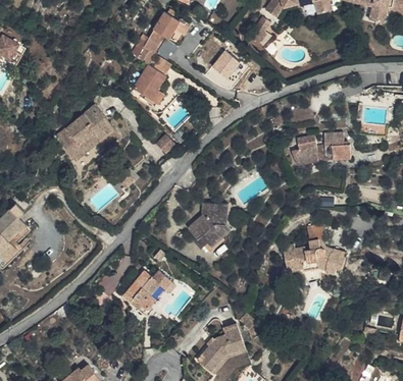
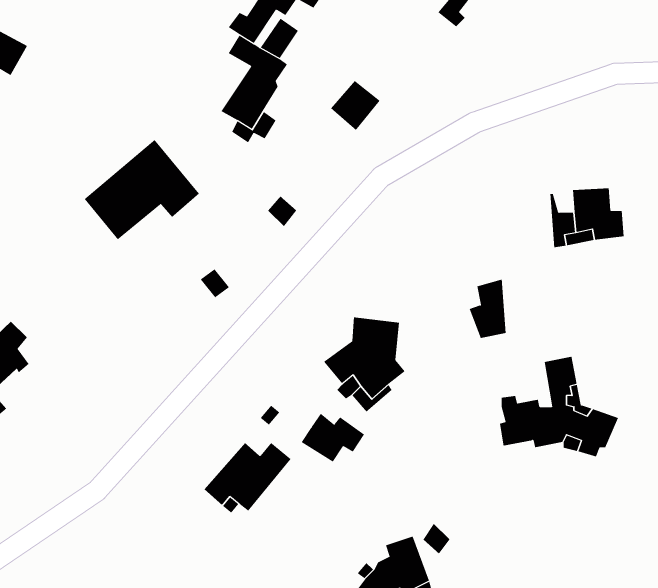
building: [211,50,239,77] -> [330,80,381,131]
building: [292,134,312,167] -> [469,279,506,339]
building: none -> [301,413,365,462]

